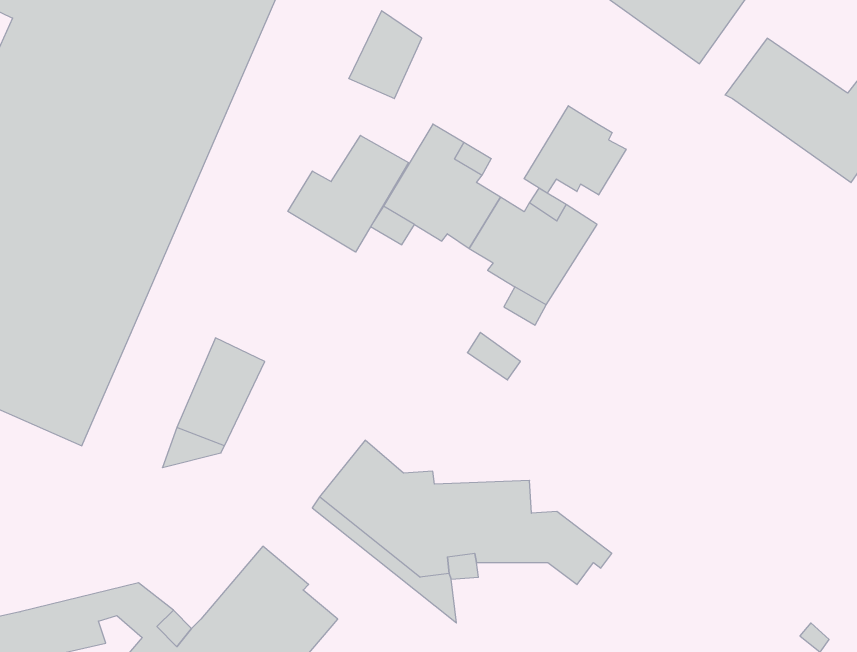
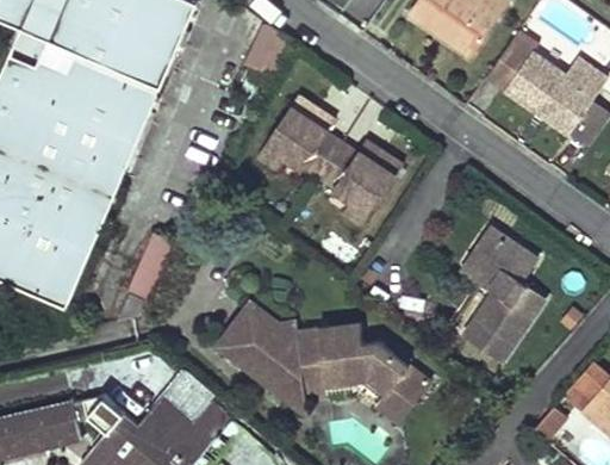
building: [524,106,626,195] -> none
building: [288,135,408,252] -> none
building: none -> [466,230,542,360]
building: none -> [378,376,428,426]

